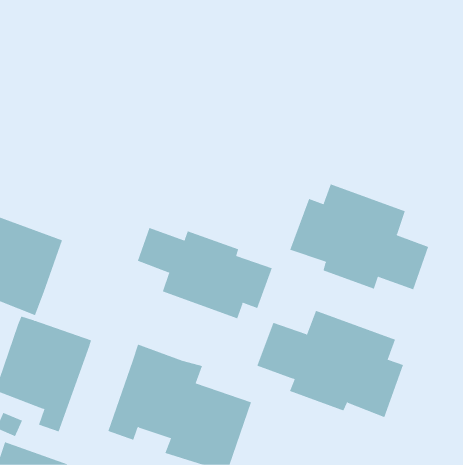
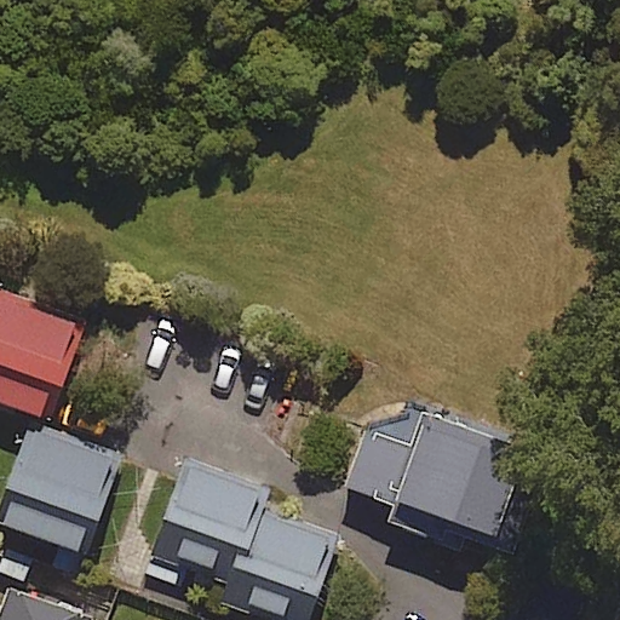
building: [290,184,429,290] -> none
building: [137,227,273,319] -> none

